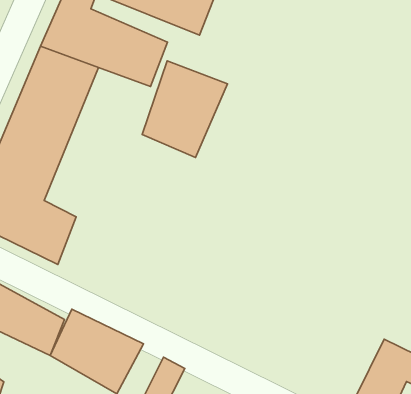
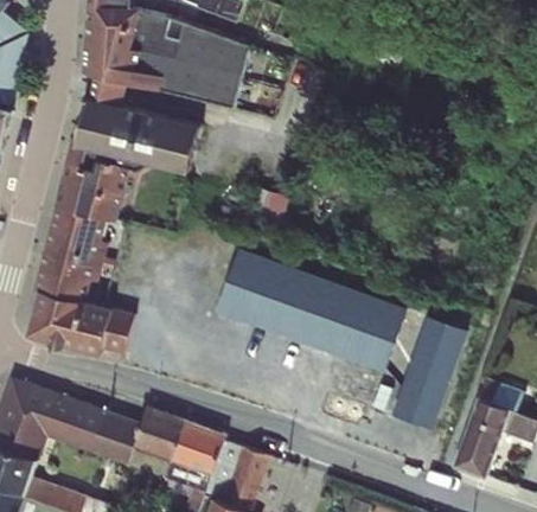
building: [142,61,228,158] -> none
building: none -> [216,245,411,376]
building: none -> [389,318,466,430]

